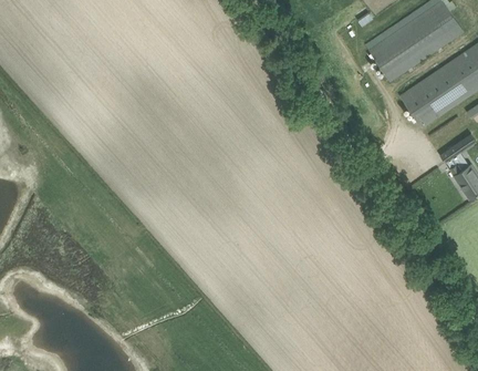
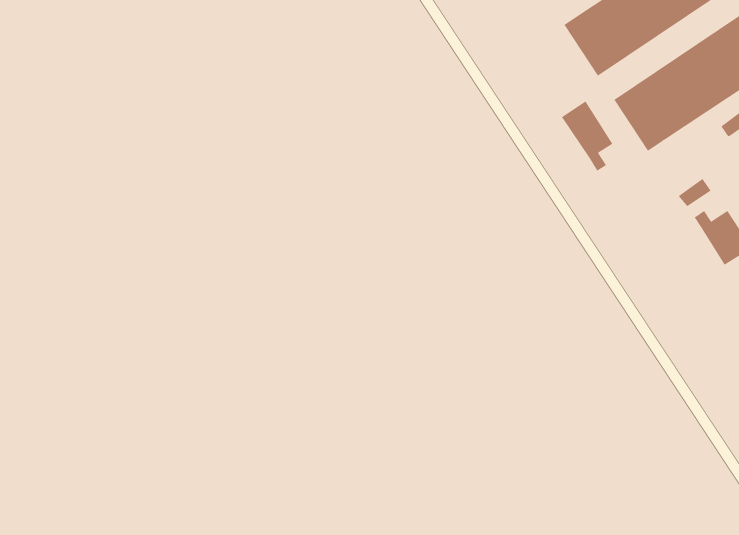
building: none -> [561,100,613,171]

